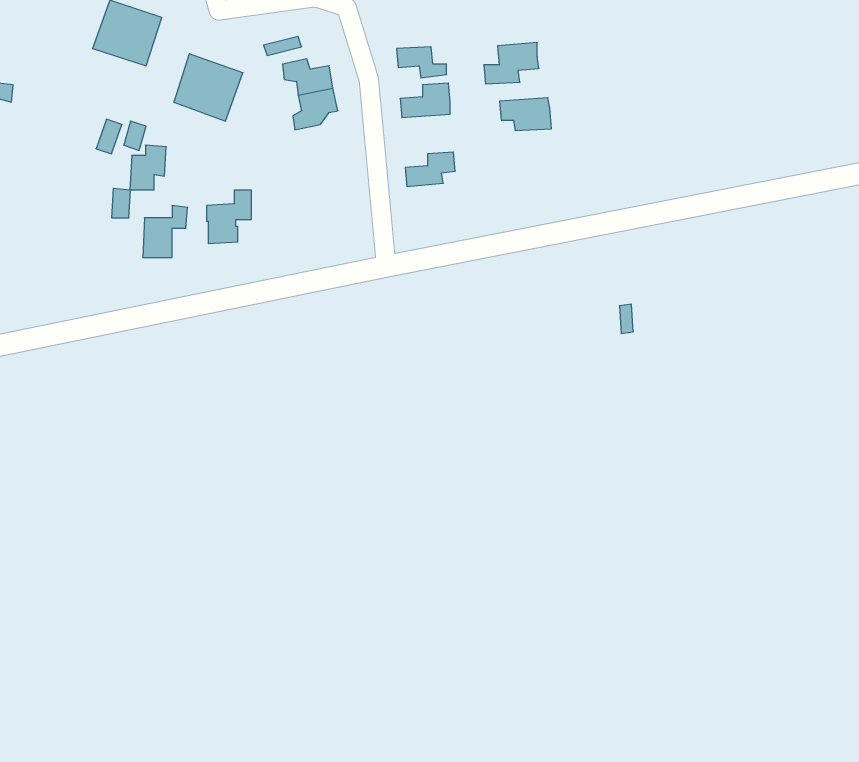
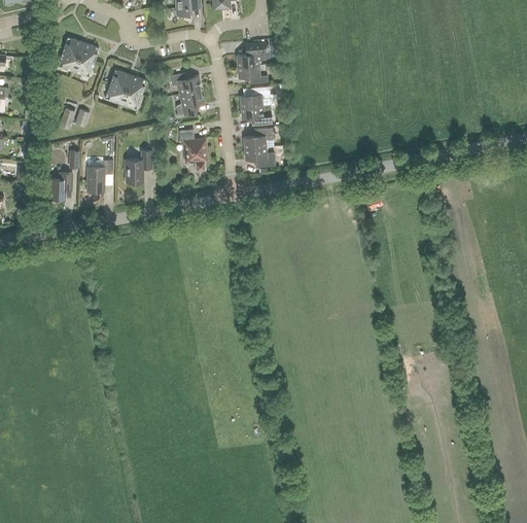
building: [484,42,539,84] -> [237,41,270,66]
building: [500,98,551,130] -> [241,105,272,125]
building: [130,145,166,190] -> [50,172,72,199]
building: none -> [179,129,206,171]
building: none -> [244,146,275,167]

